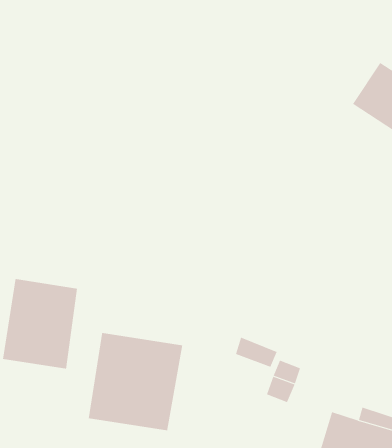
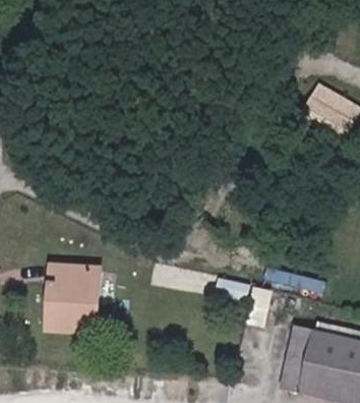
building: [88,332,183,431] -> none

